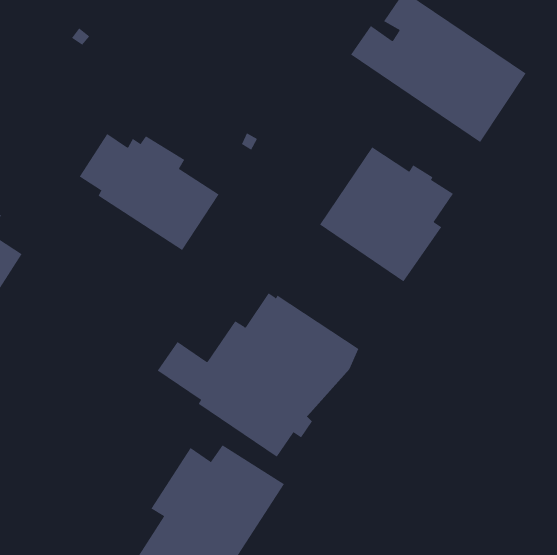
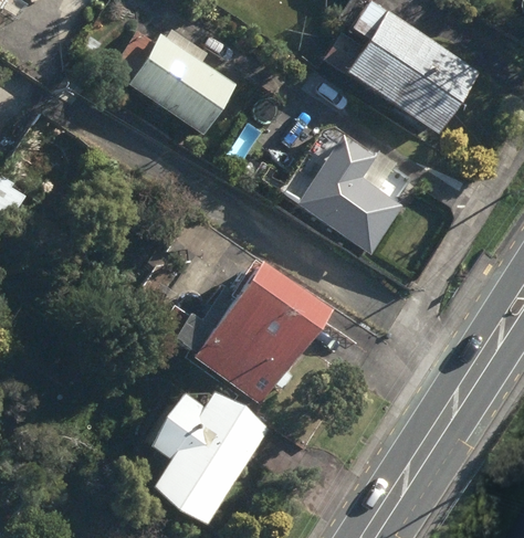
building: [79,133,220,251] -> [114,30,235,131]

